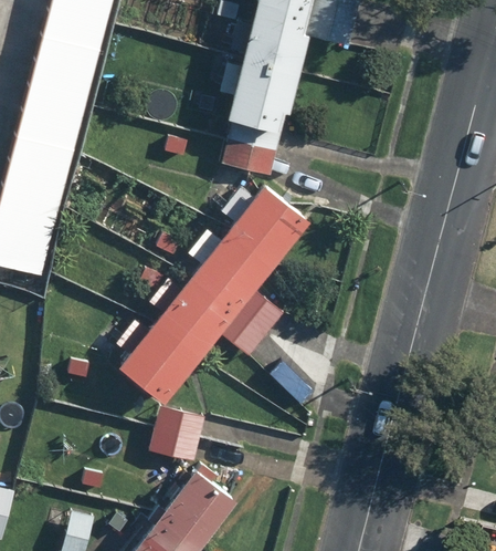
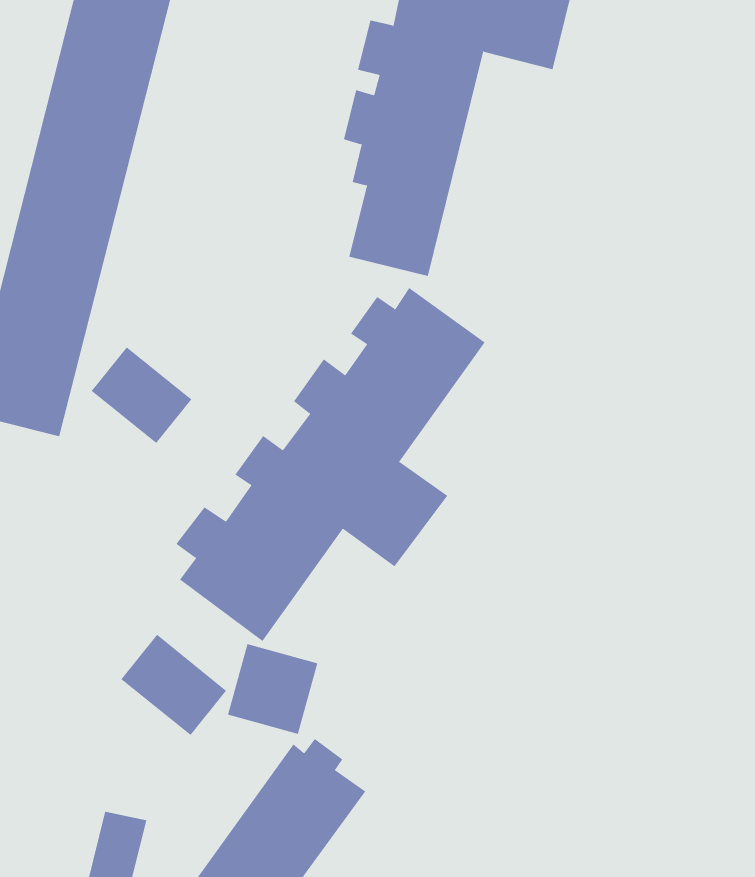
building: none -> [91,347,192,444]
building: none -> [120,634,227,736]

